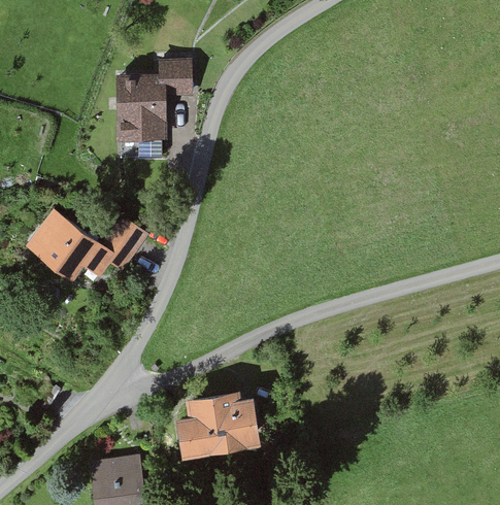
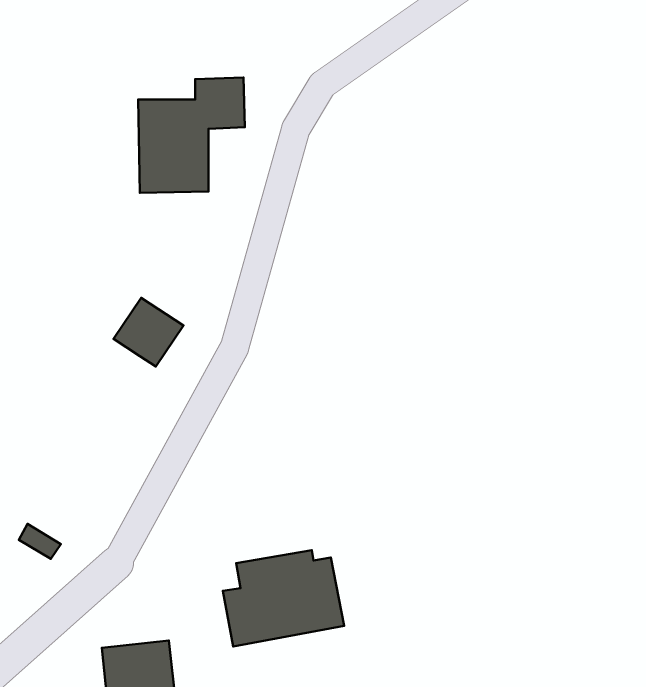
building: [27,210,118,279] -> none

